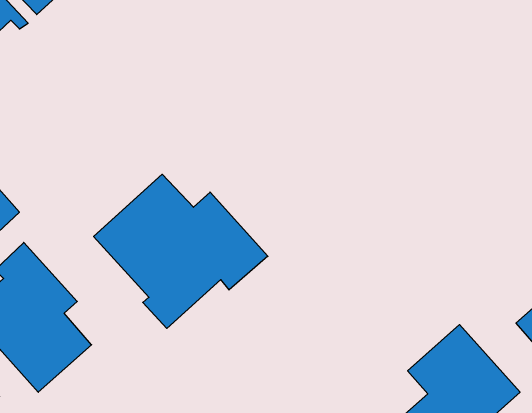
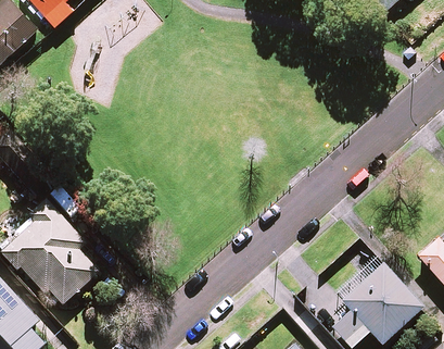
building: [94,174,268,328] -> none

